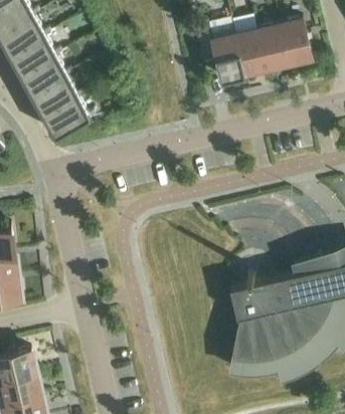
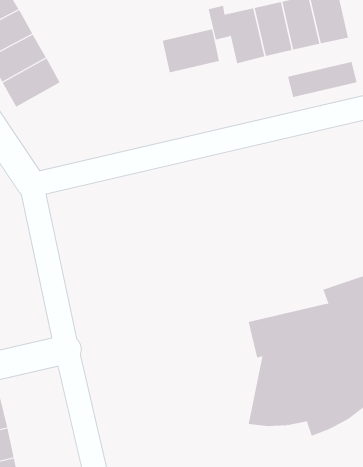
building: none -> [162,29,220,73]
building: none -> [288,61,357,98]
building: [42,96,90,138] -> none

